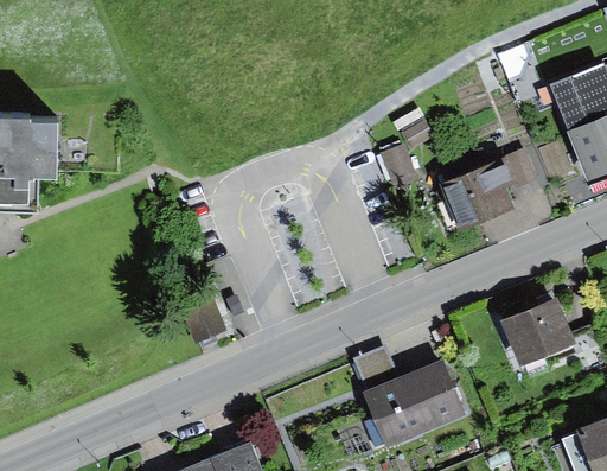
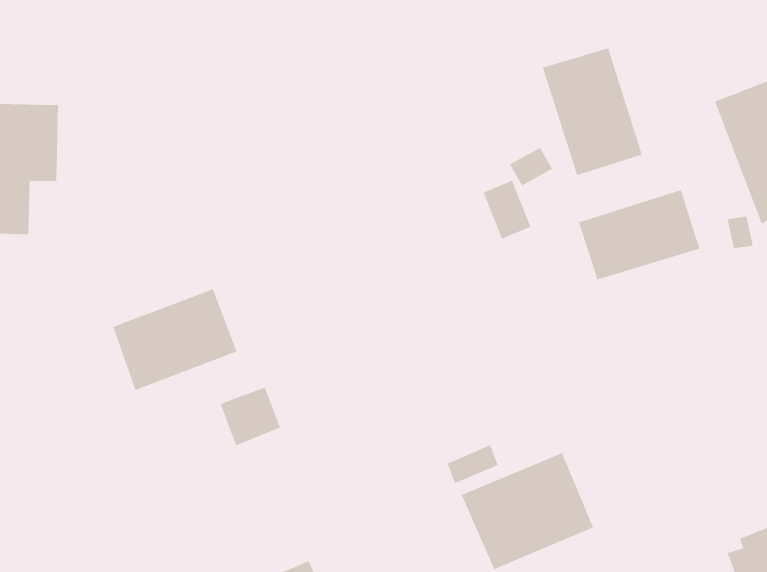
building: none -> [542,47,642,176]
building: none -> [112,289,237,391]
building: [498,293,574,365] -> none

